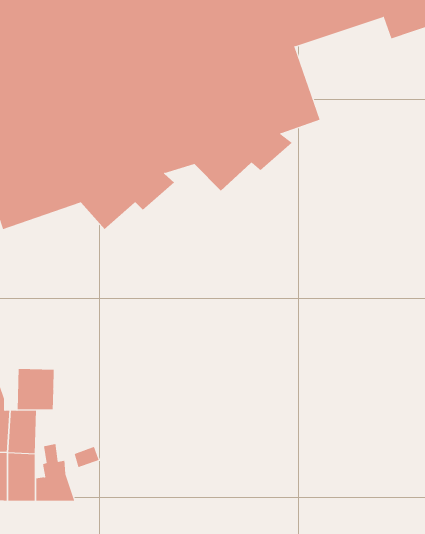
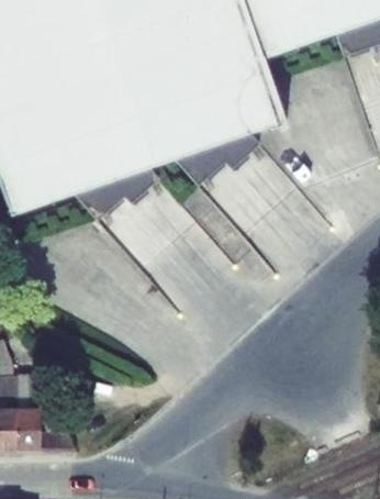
building: [17,368,54,410] -> none

